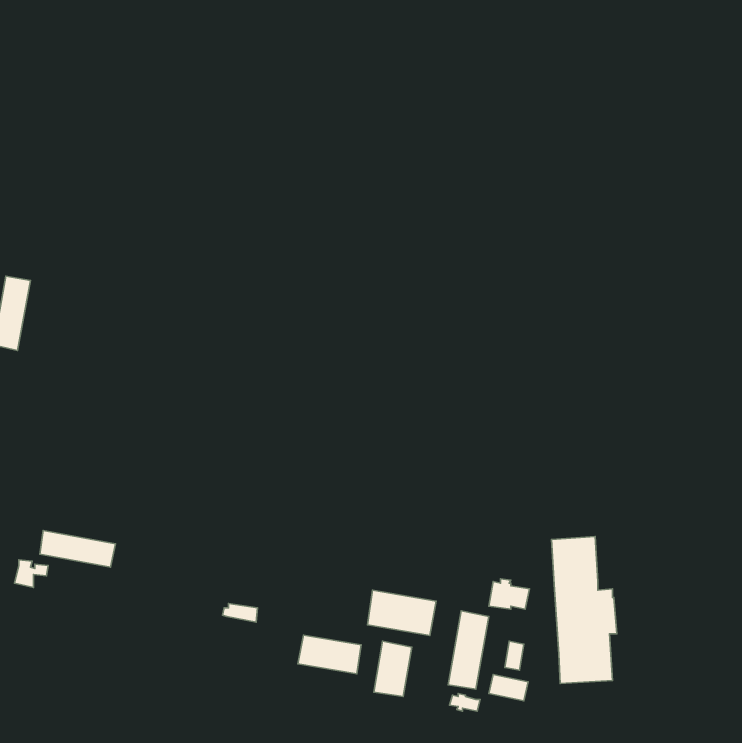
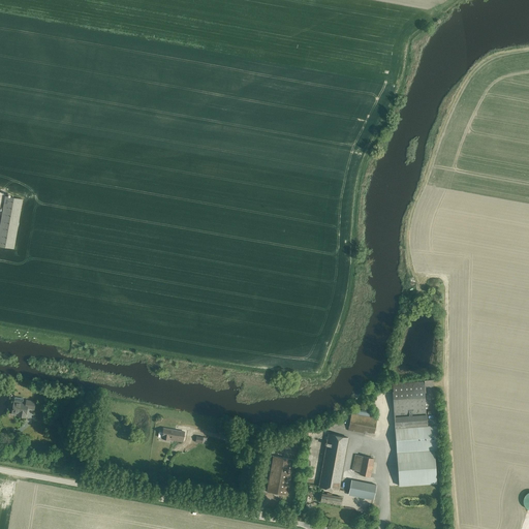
building: [40,530,115,567] -> none
building: [367,590,436,635] -> none
building: [298,635,361,674] -> none

